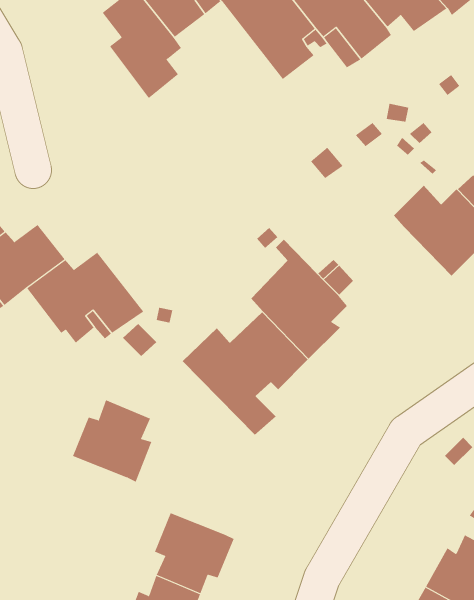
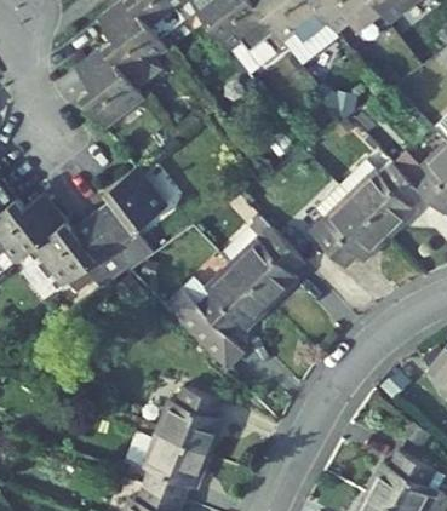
building: none -> [74,47,142,128]
building: none -> [93,170,165,268]
building: none -> [309,188,388,269]
building: [72,399,152,483] -> [154,387,220,457]

